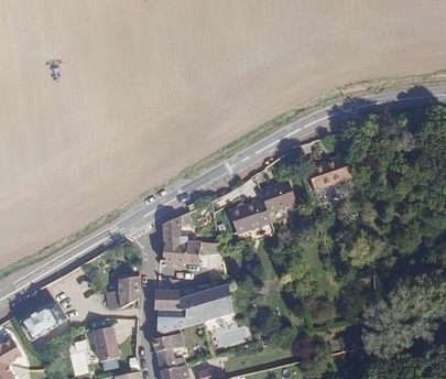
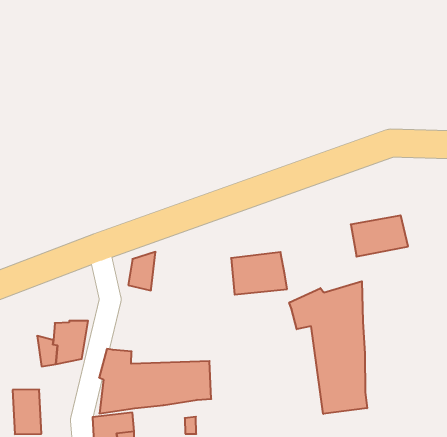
building: [264,184,301,216] -> none
building: none -> [289,281,367,414]
building: [162,237,220,261] -> none

